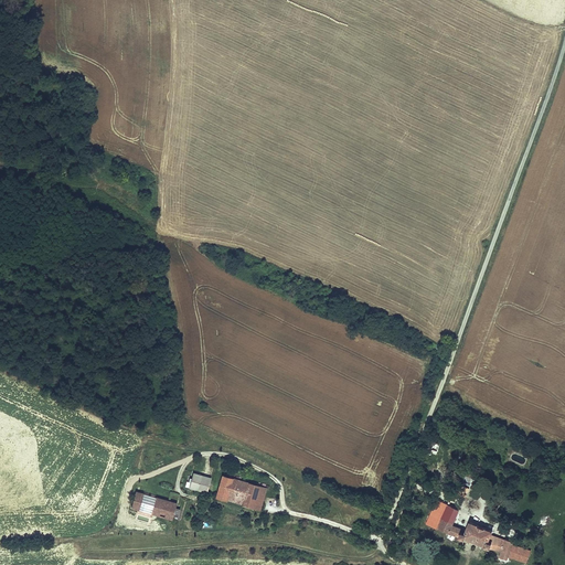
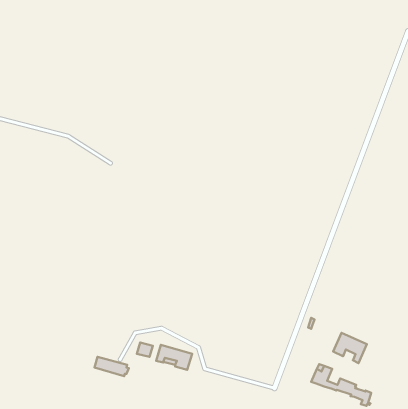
building: none -> [333,333,367,363]

